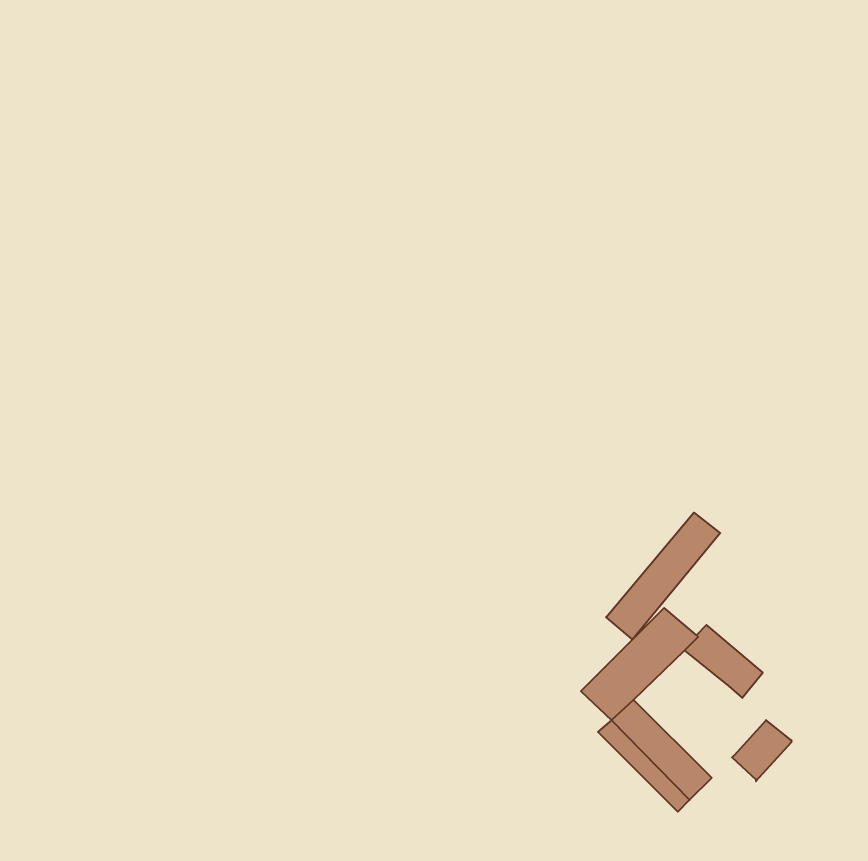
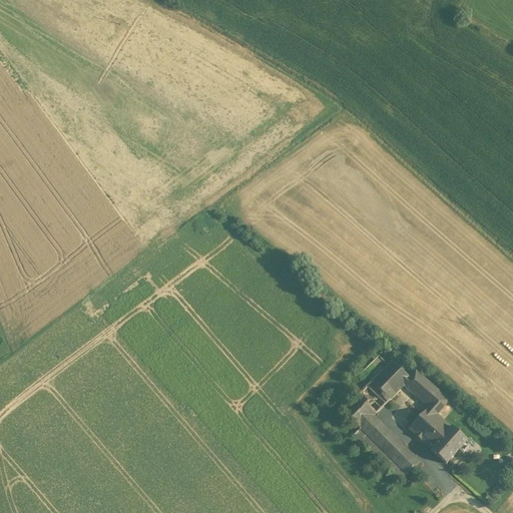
building: [606,513,720,639] -> none
building: none -> [409,405,452,446]

